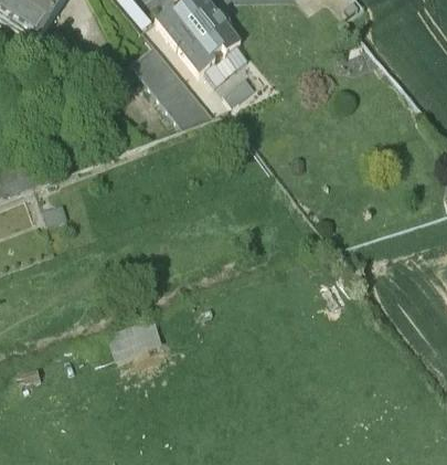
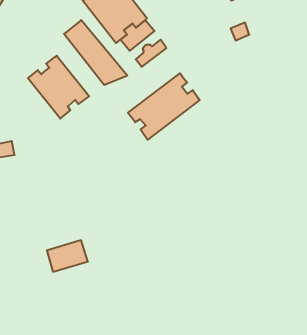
building: none -> [28,56,89,119]
building: none -> [128,73,200,140]

